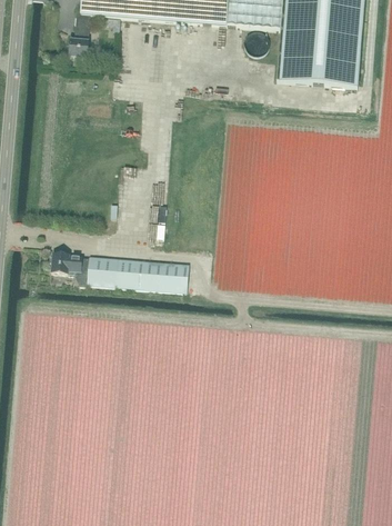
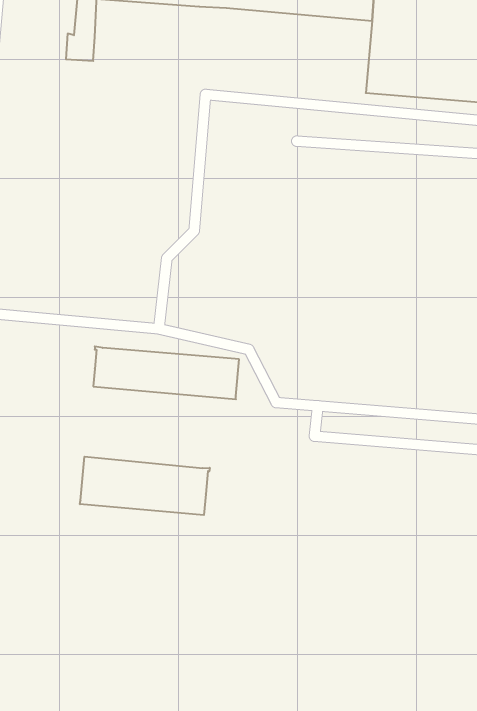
building: [50,250,89,271] -> none
building: none -> [80,457,210,515]

